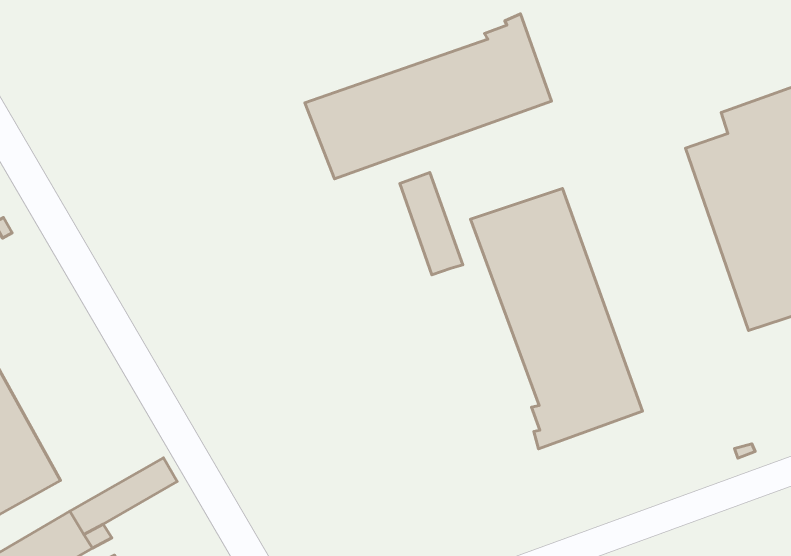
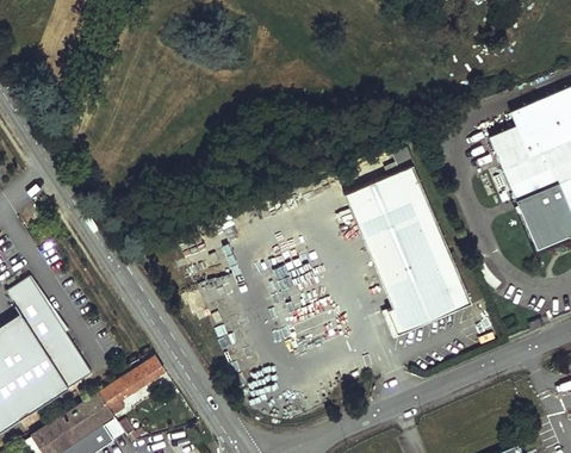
building: [305,14,551,179] -> none
building: [400,173,463,275] -> none

